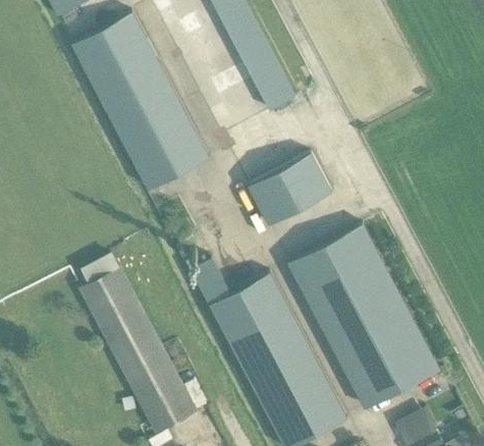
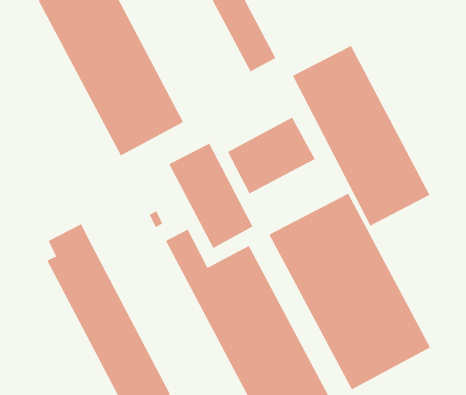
building: none -> [292,45,430,226]
building: none -> [168,143,253,249]

